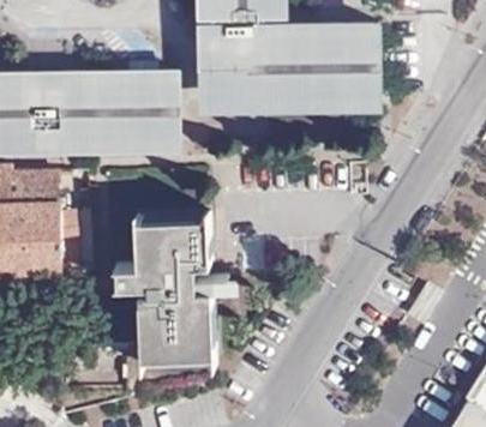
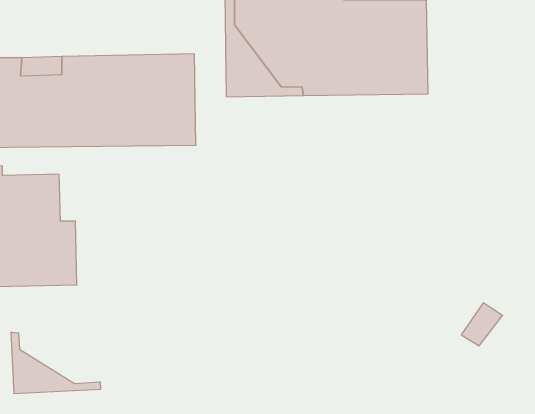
building: [121,218,229,361] -> none
building: none -> [11,332,101,394]

